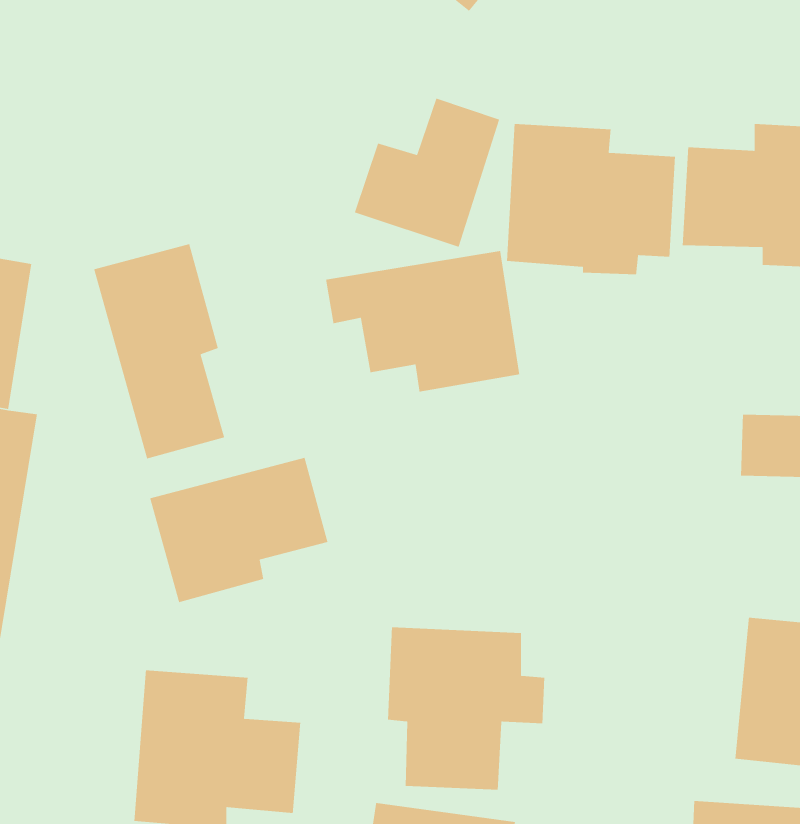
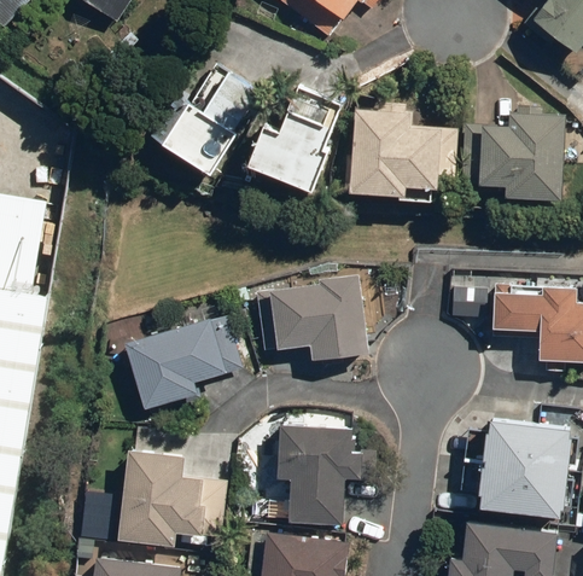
building: none -> [150,68,262,175]
building: [93,243,225,459] -> none
building: [325,250,520,393] -> [247,274,368,362]

